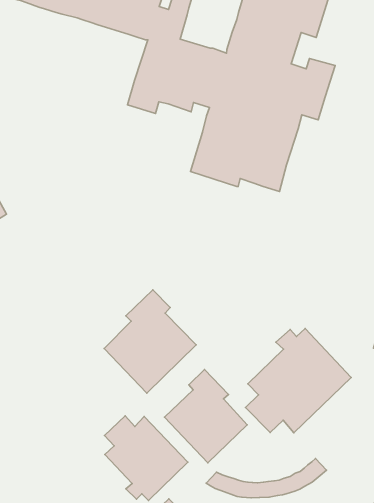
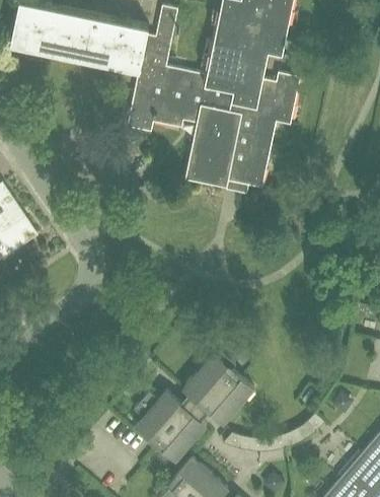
building: [104,290,196,393] -> none
building: [246,329,351,433] -> none

